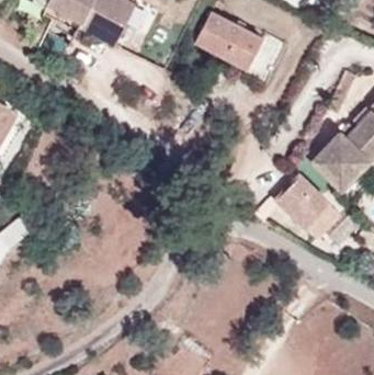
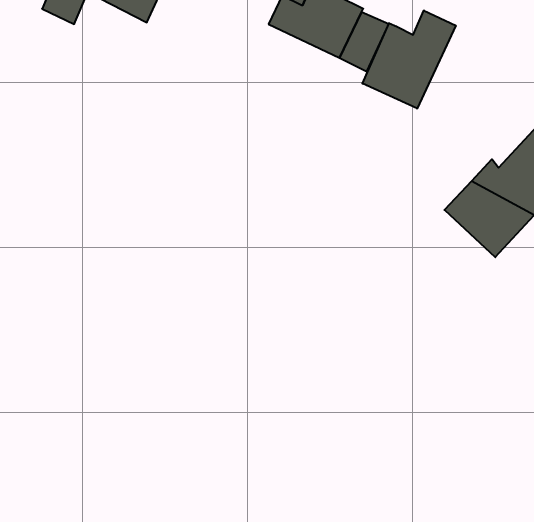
building: none -> [362,10,456,109]
building: [284,186,355,258] -> none

